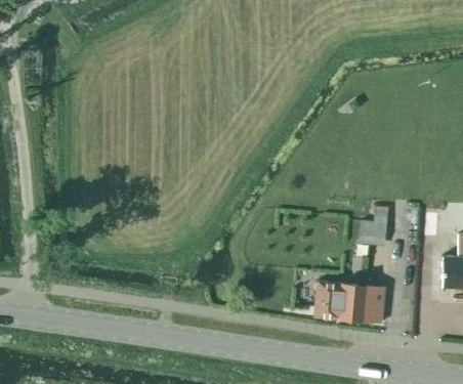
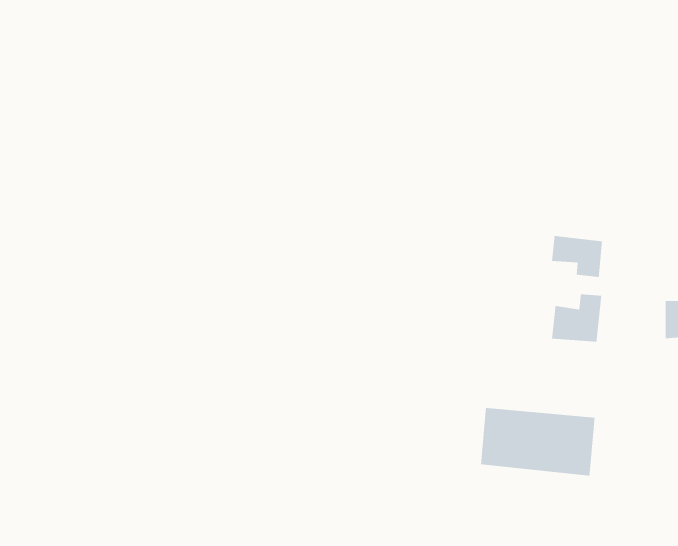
building: none -> [551,235,603,278]

